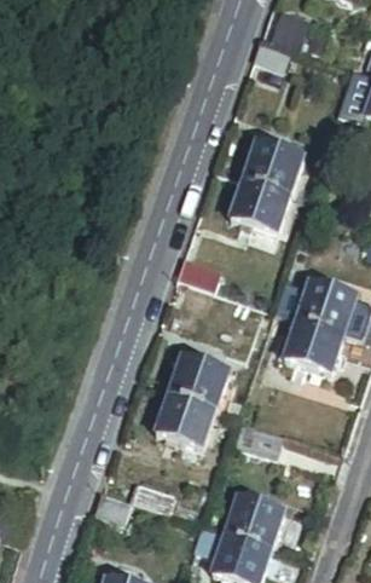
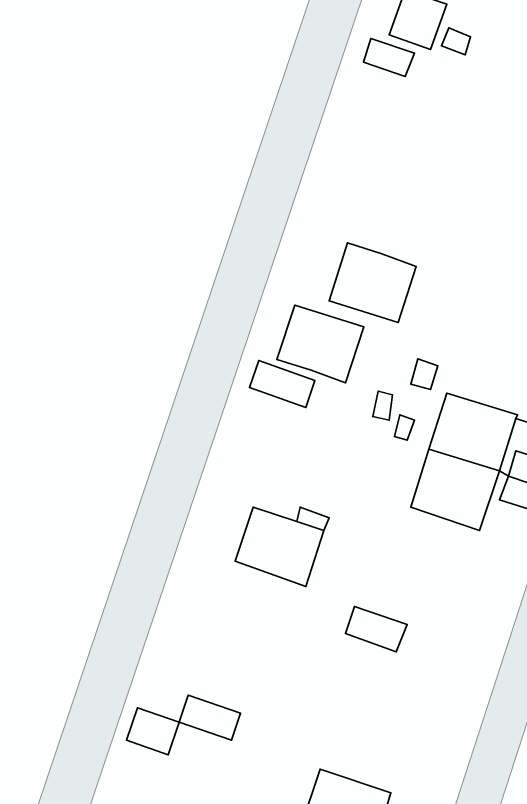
building: [240,144,298,196] -> [277,305,364,383]
building: [155,393,213,444] -> none
building: [222,496,282,548] -> none

